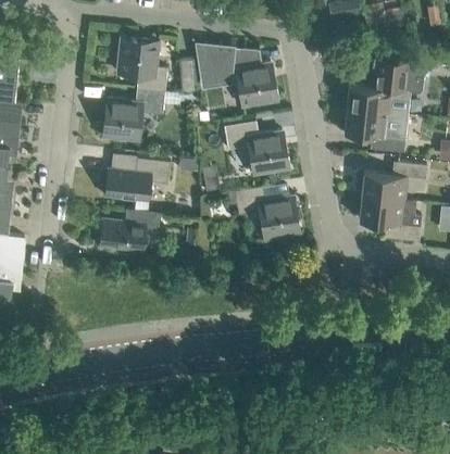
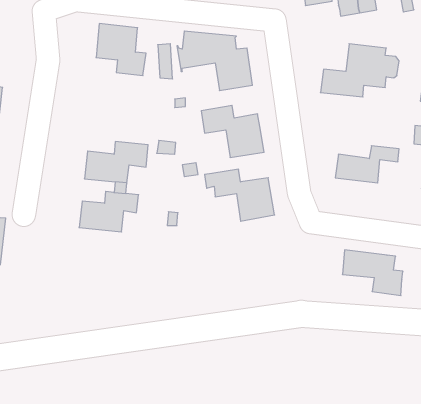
building: [103,88,164,141] -> none
building: [343,109,405,152] -> none
building: [359,196,421,242] -> [342,250,403,296]

